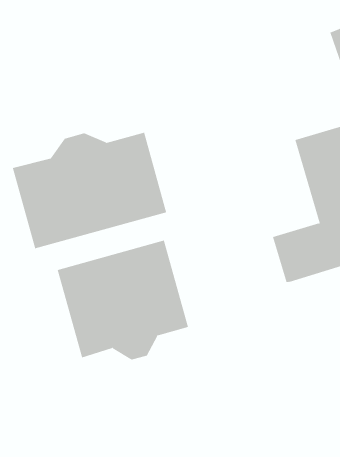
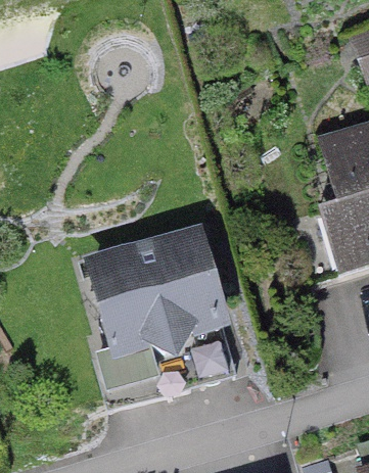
building: [12,132,167,249] -> none

